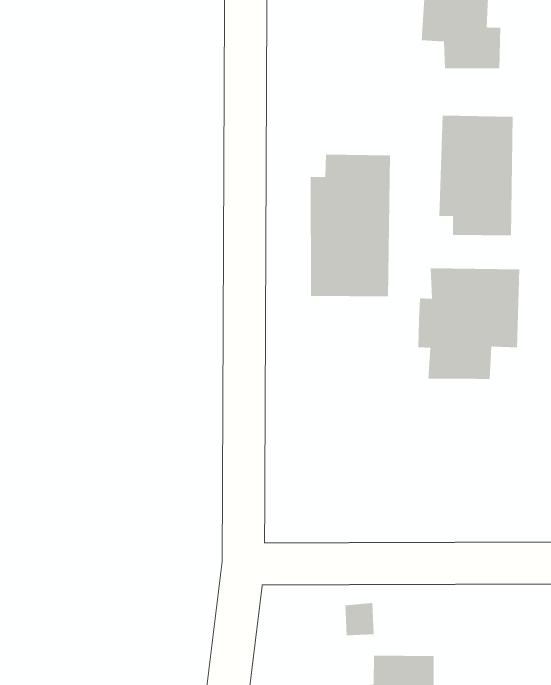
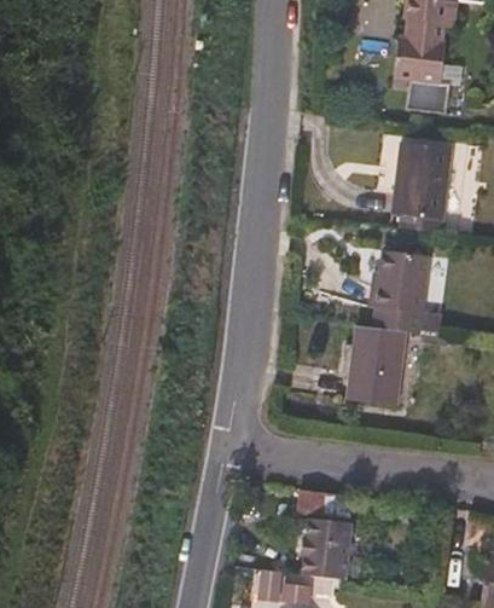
building: [310,154,390,297] -> none
building: none -> [341,324,406,404]

